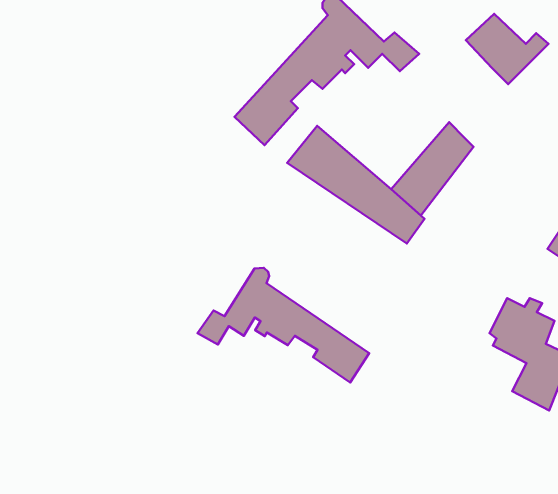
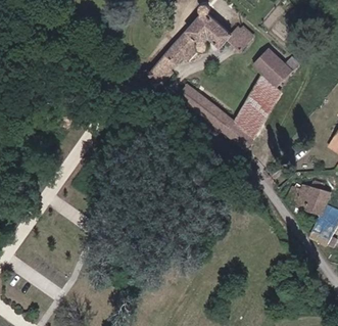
building: [466,14,549,84] -> [253,43,301,84]
building: [197,268,369,383] -> none

